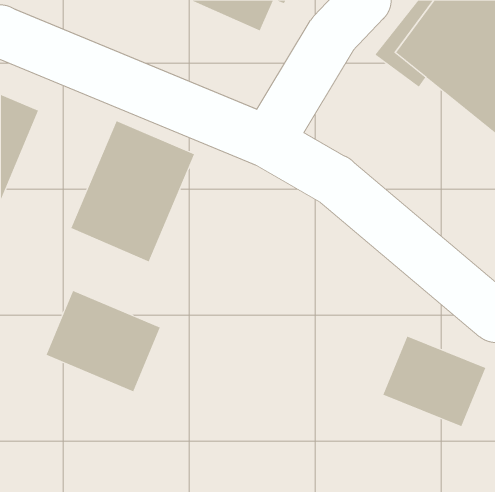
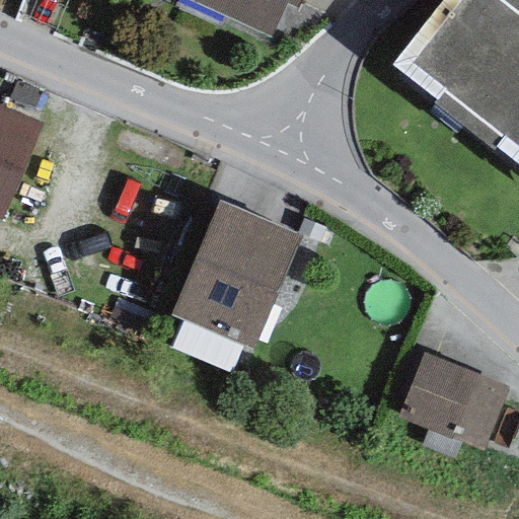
building: [70,120,195,262] -> [171,201,301,349]
building: [46,290,160,392] -> none

